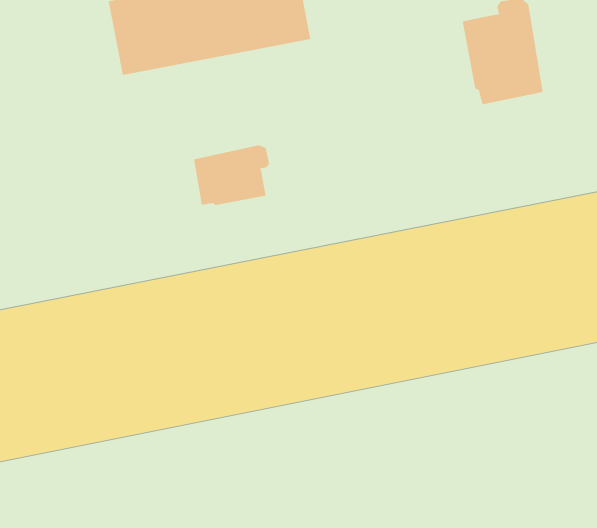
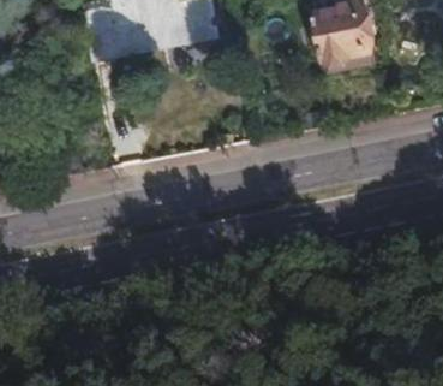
building: [193,145,269,206] -> none

